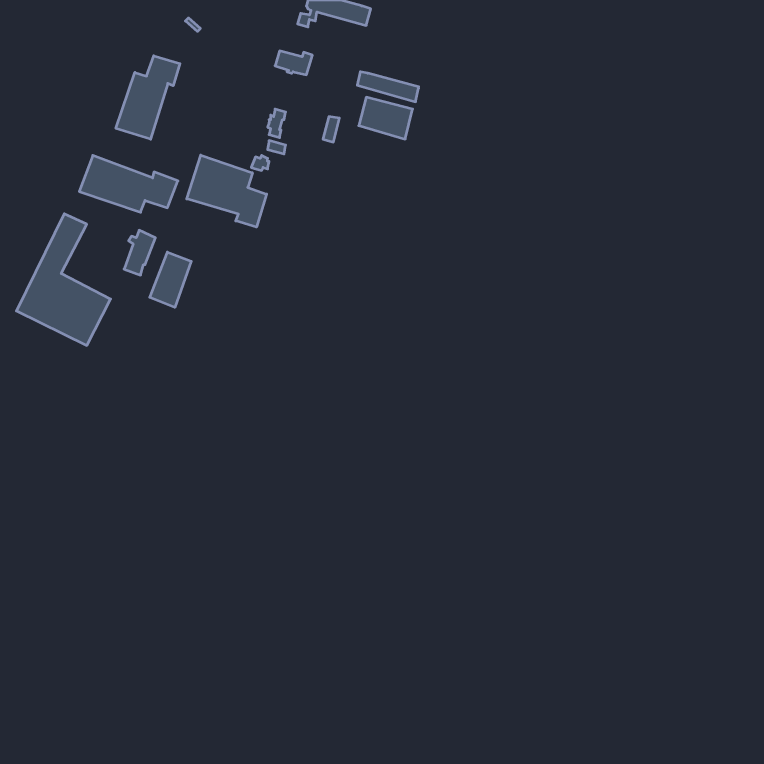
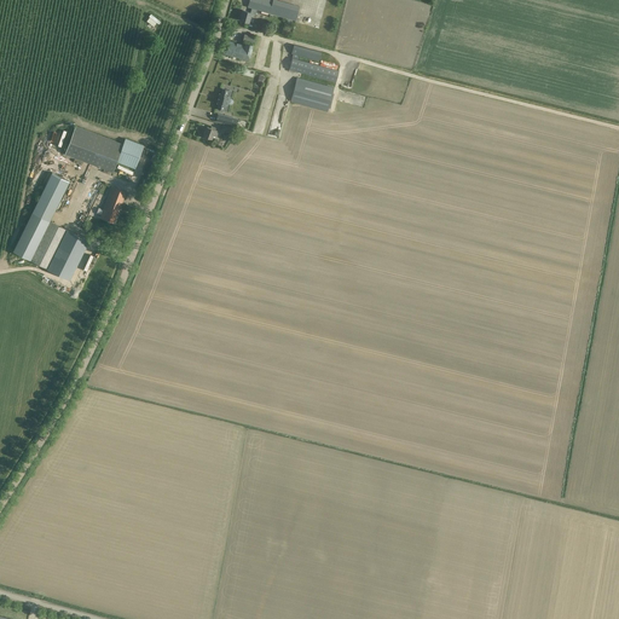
building: [116,56,180,139] -> none
building: [187,155,267,227] -> none
building: [150,252,191,307] -> none

